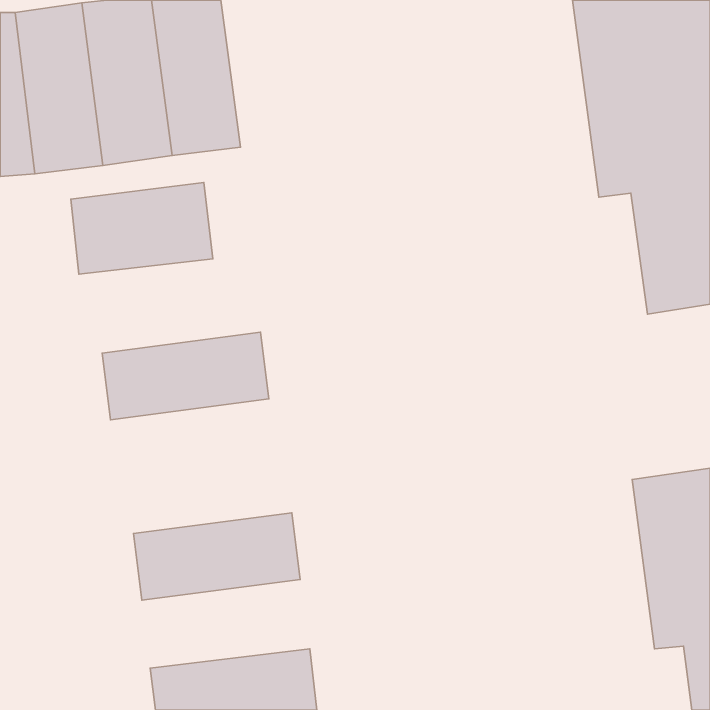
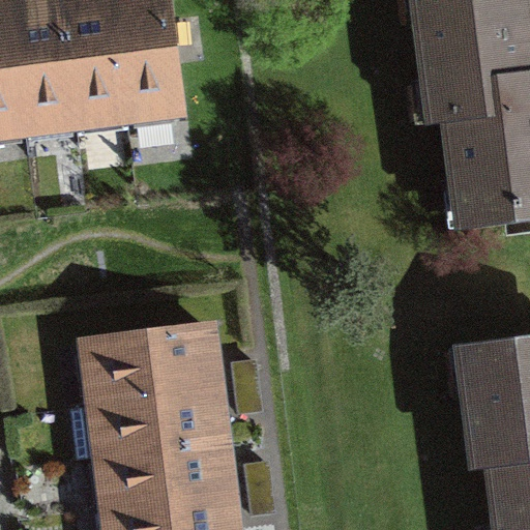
building: [71,183,213,274] -> none
building: [102,332,269,420] -> [93,332,217,398]
building: none -> [106,432,231,498]

